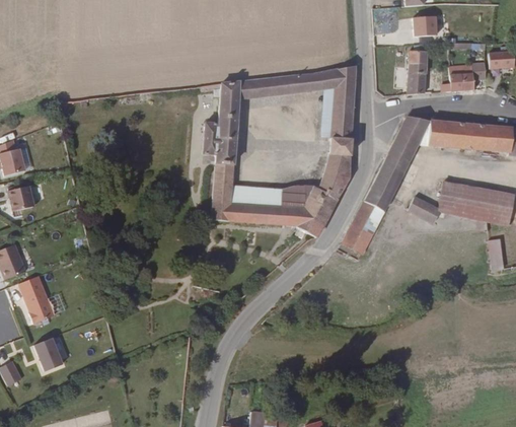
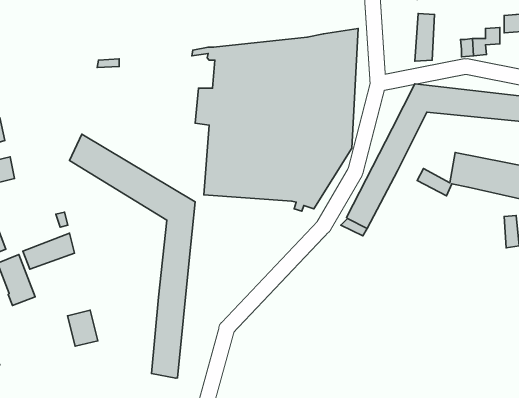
building: none -> [70,134,195,378]
building: none -> [23,233,75,269]
building: [30,339,59,372] -> [67,310,98,346]

